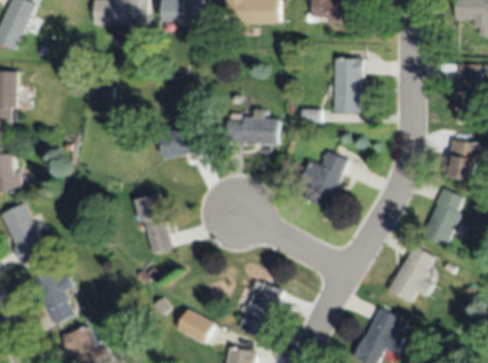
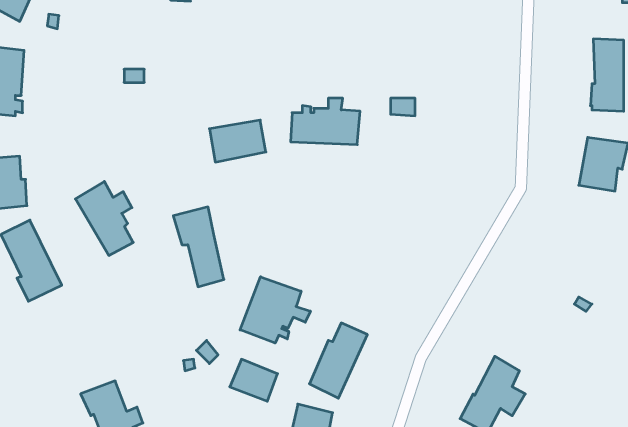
building: [334,60,364,112] -> none
building: [300,153,348,208] -> none
building: [423,187,463,246] -> none
building: [388,246,433,303] -> none
building: none -> [240,277,310,343]
building: [30,266,75,323] -> [75,181,133,255]

